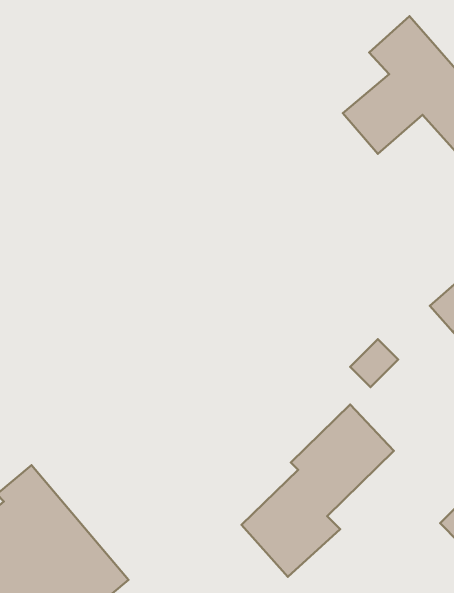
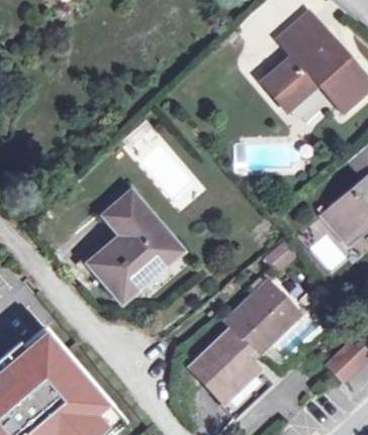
building: none -> [89,193,179,301]

